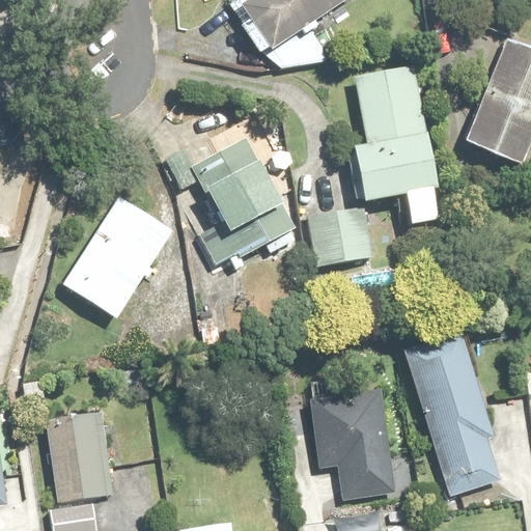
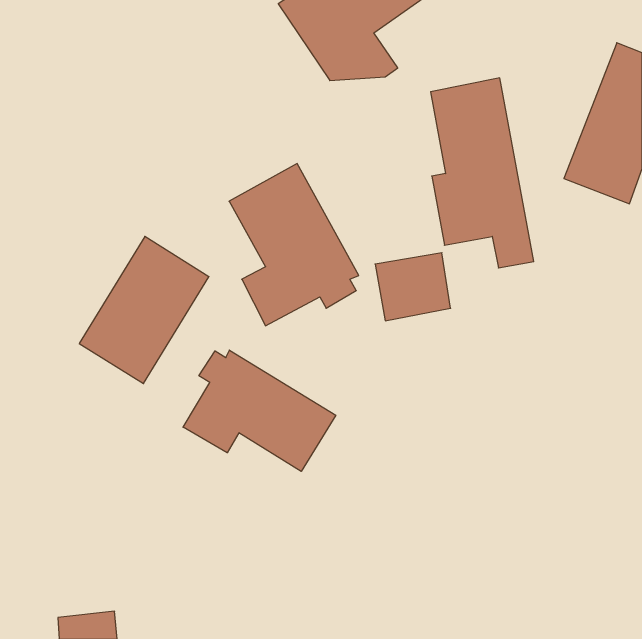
building: none -> [183,350,336,471]
building: [403,333,500,495] -> none
building: [312,391,394,497] -> none
building: [45,410,109,502] -> none

